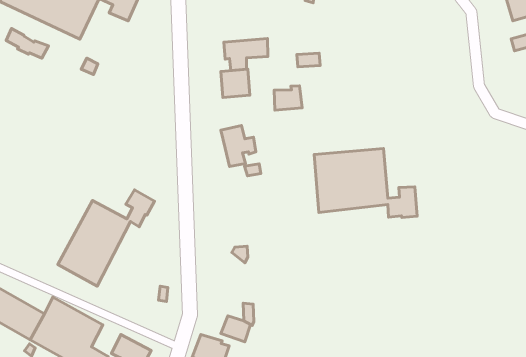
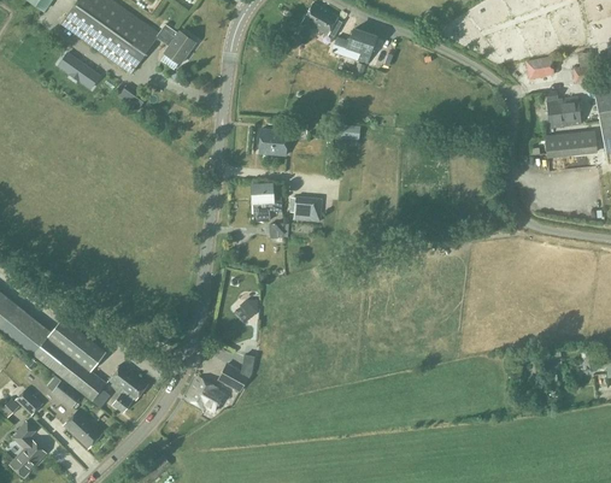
building: [224,38,268,70] -> none
building: [274,86,302,110] -> [294,198,322,220]
building: [314,148,417,218] -> none
building: [58,190,154,286] -> none

